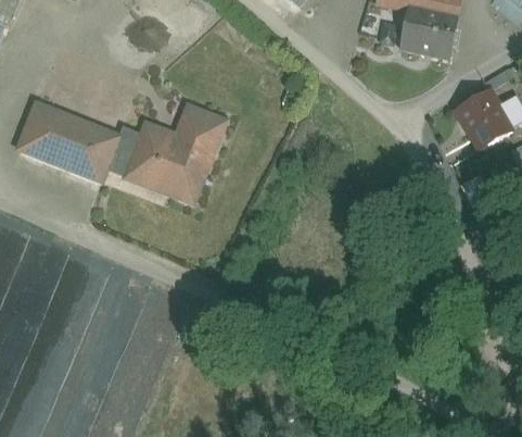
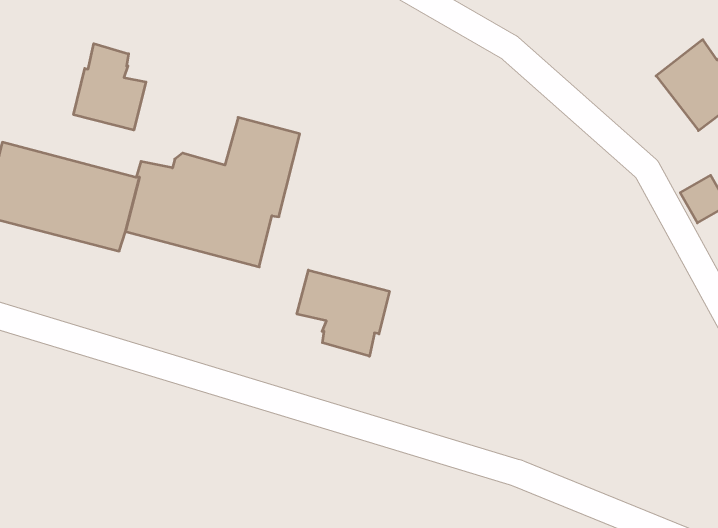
building: none -> [74,44,146,130]
building: none -> [297,270,389,356]

